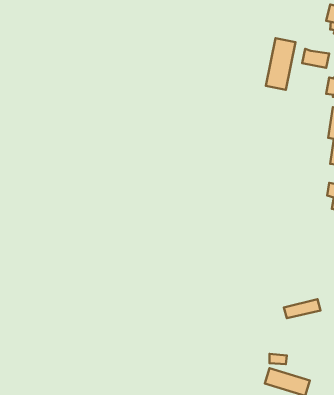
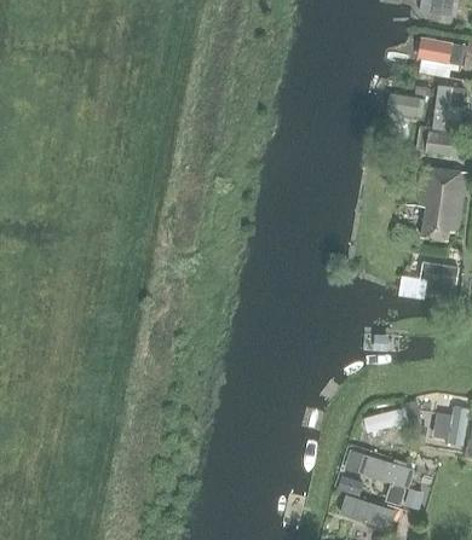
building: [266,38,295,90] -> none
building: none -> [357,453,414,505]

